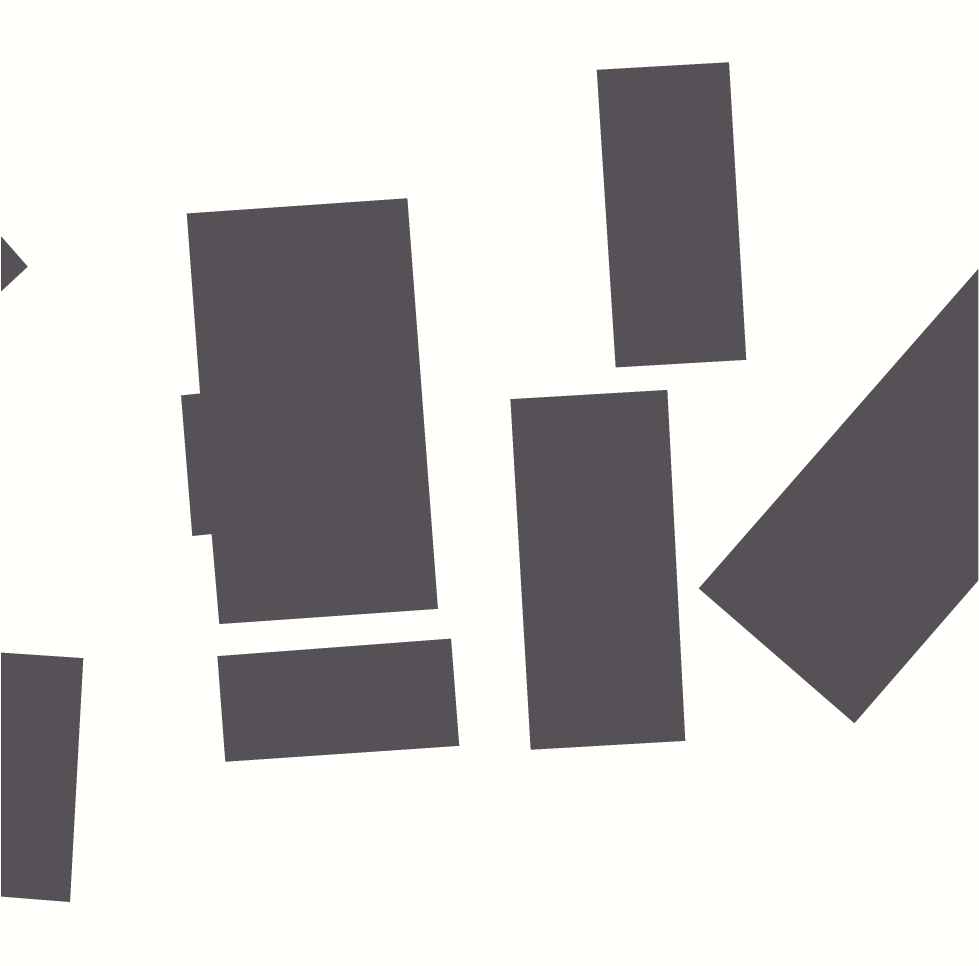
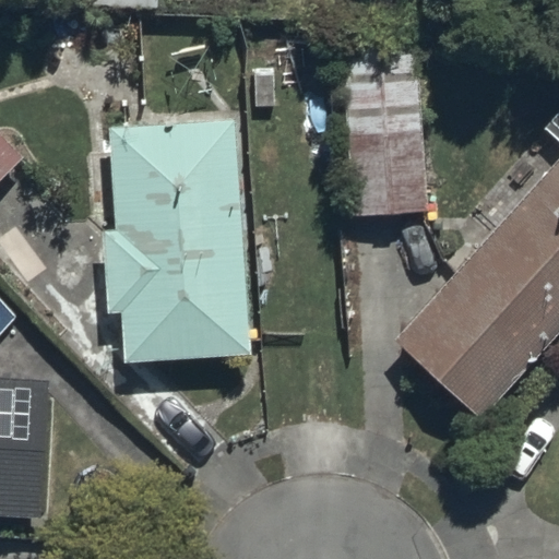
building: [510,389,686,751] -> none
building: [216,638,460,762] -> none

